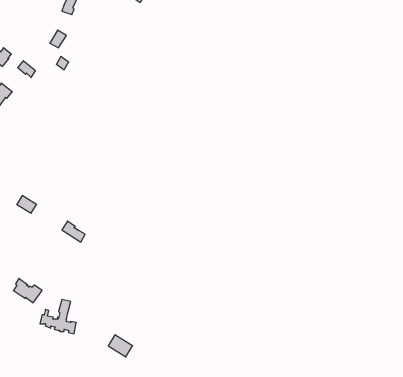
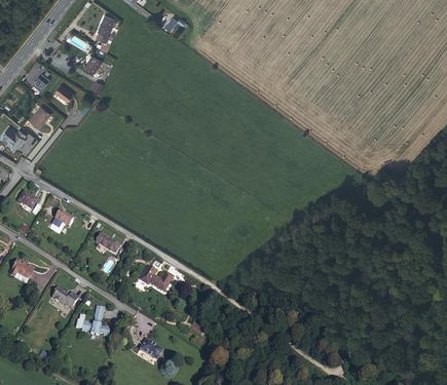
building: none -> [140,266,173,292]

